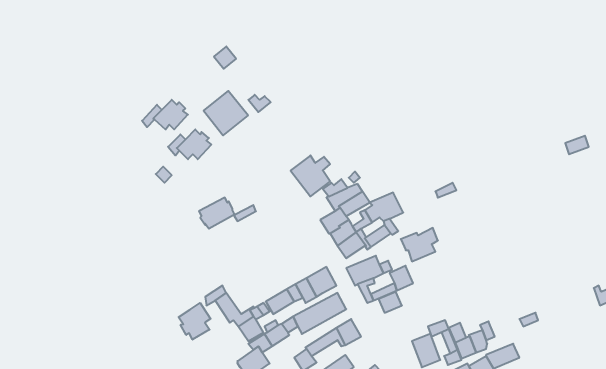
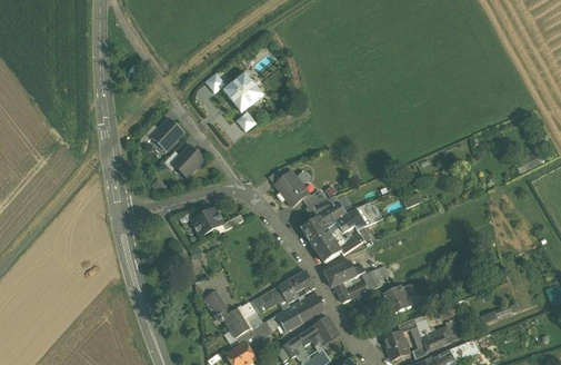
building: [204,91,248,135] -> [222,71,262,111]
building: [401,228,438,261] -> [382,283,415,313]
building: [179,303,211,340] -> none

